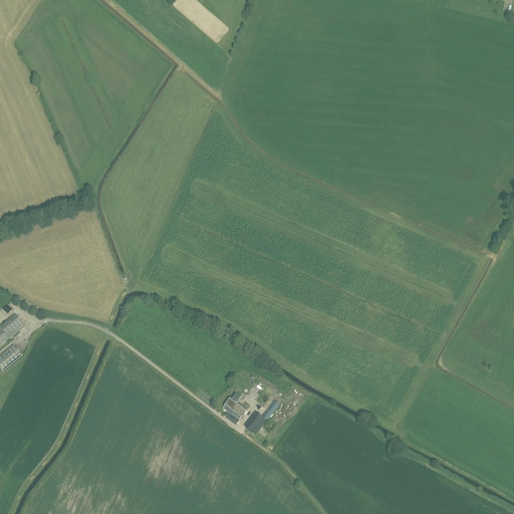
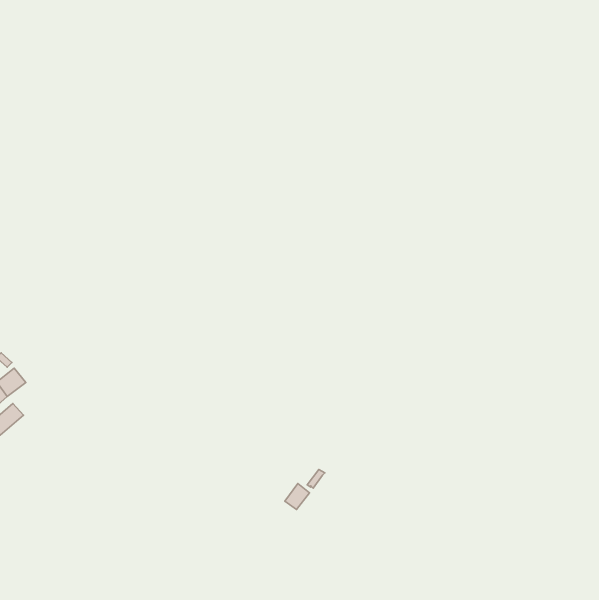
building: [221,394,245,425] -> none

